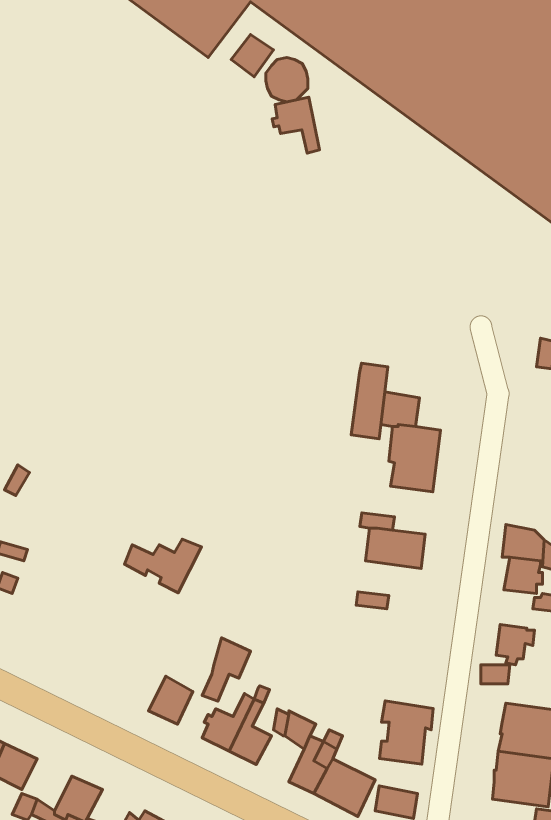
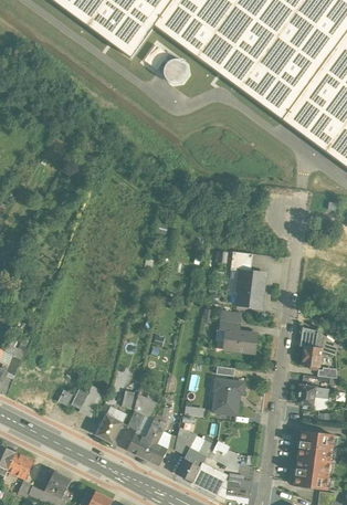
building: [272,97,319,153] -> none
building: [351,363,388,439] -> none
building: [125,539,201,593] -> [59,386,103,417]
building: [379,701,433,764] -> [212,377,243,413]

